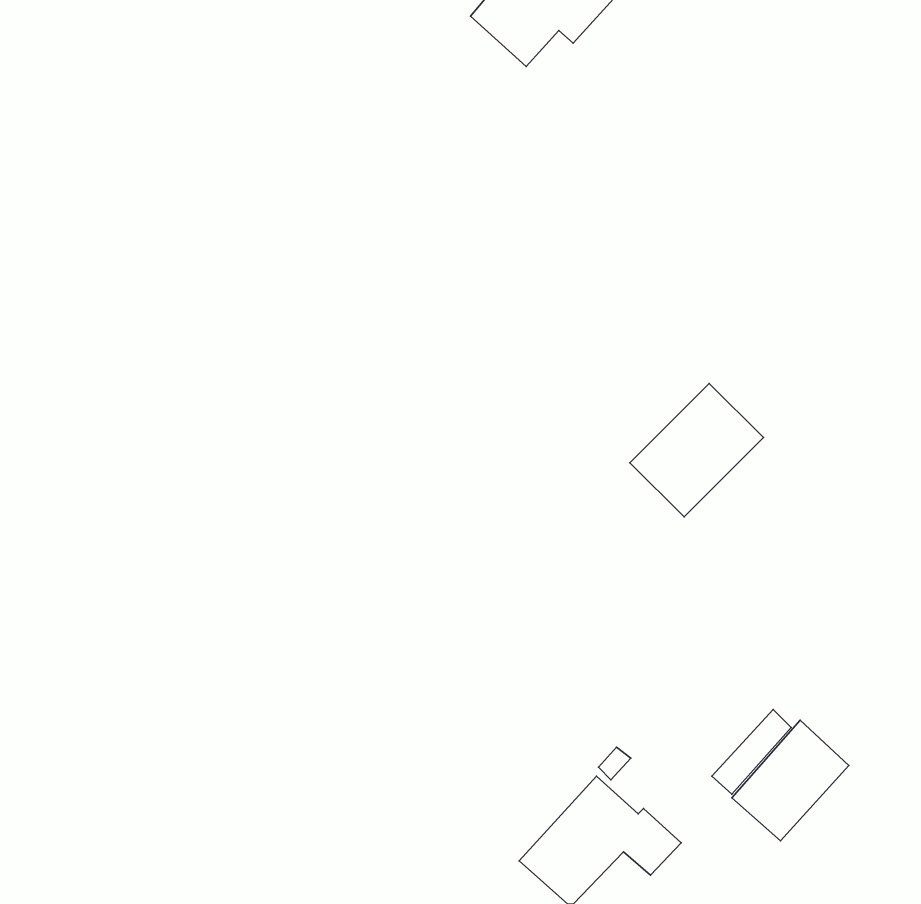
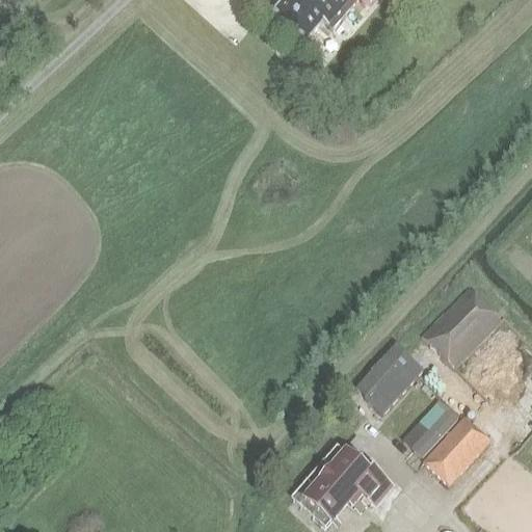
building: [630,384,763,517] -> [422,286,499,363]
building: none -> [363,352,422,414]

